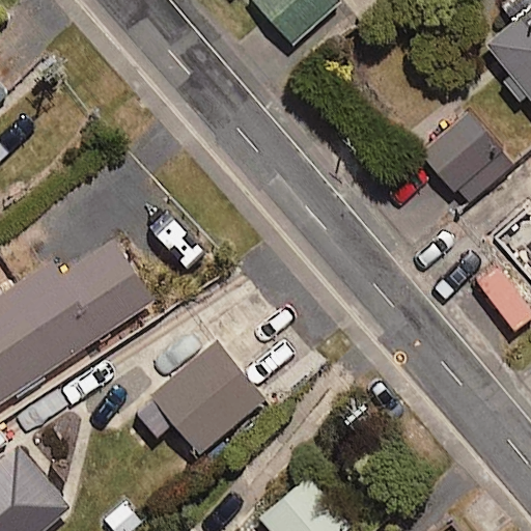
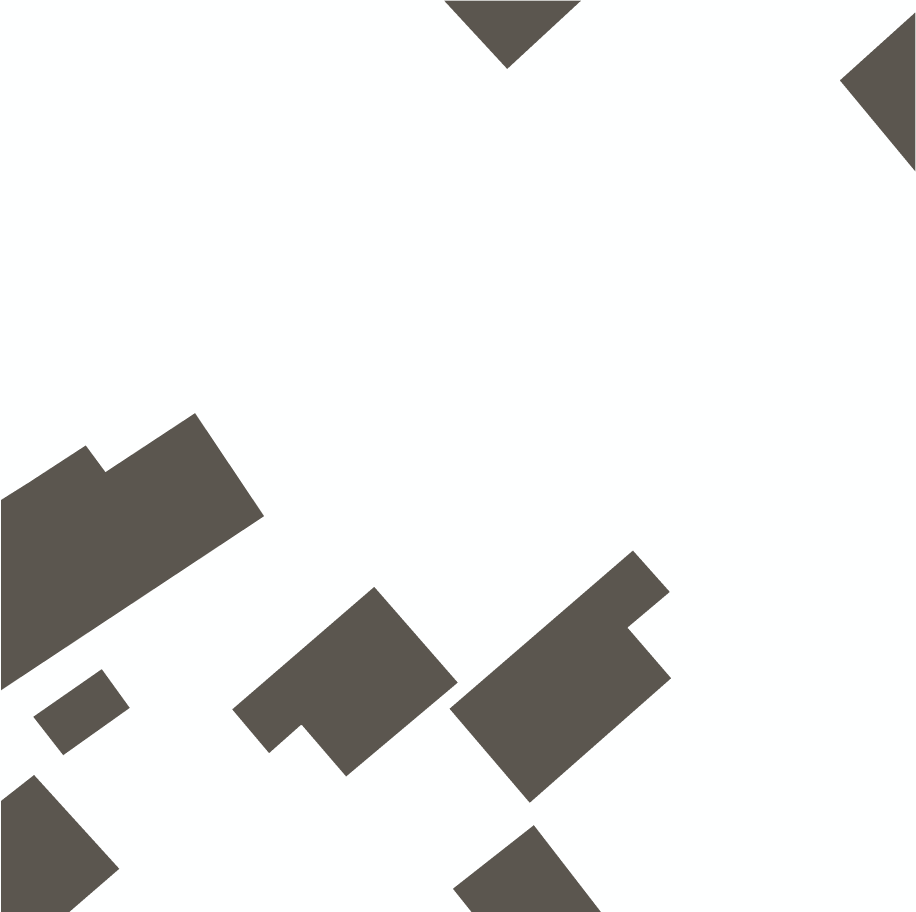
building: [422,112,512,204] -> none
building: none -> [448,549,672,804]

